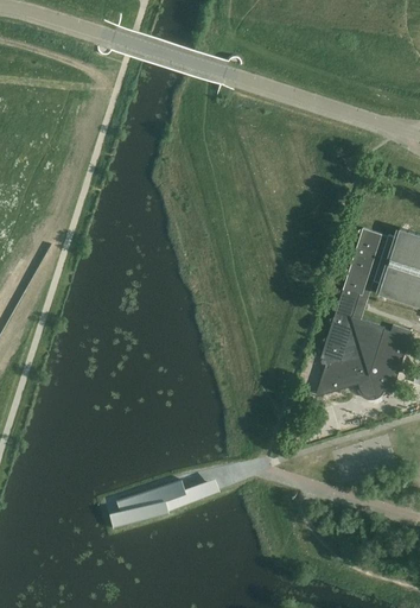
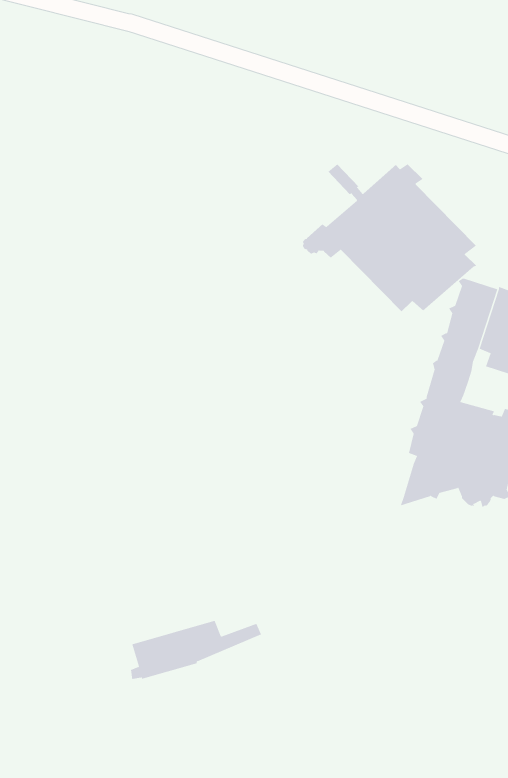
building: none -> [302,164,477,312]

